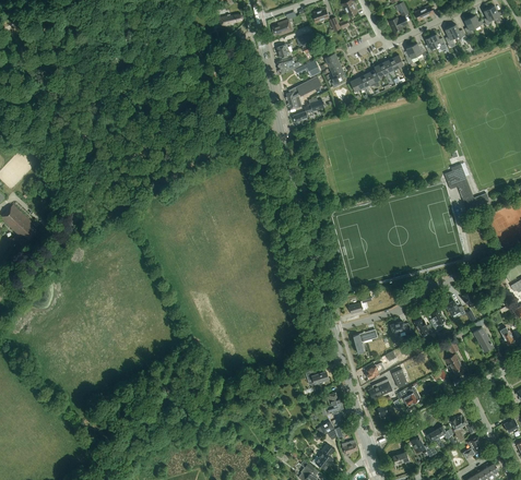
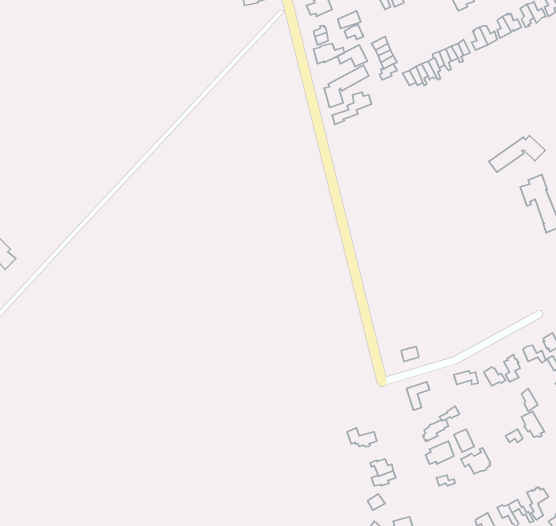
building: none -> [489,135,545,172]

